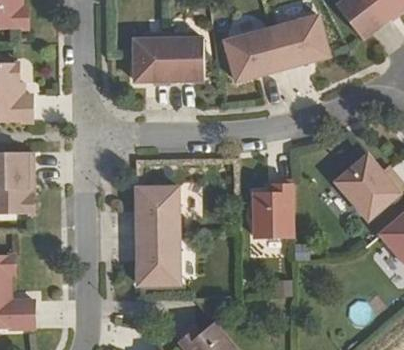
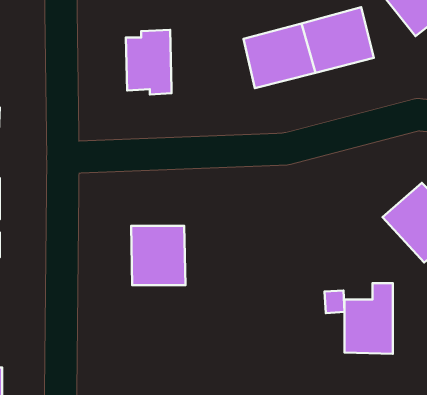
building: [167,34,203,81] -> none
building: [253,181,291,237] -> [345,283,393,354]
building: [137,236,179,284] -> none

